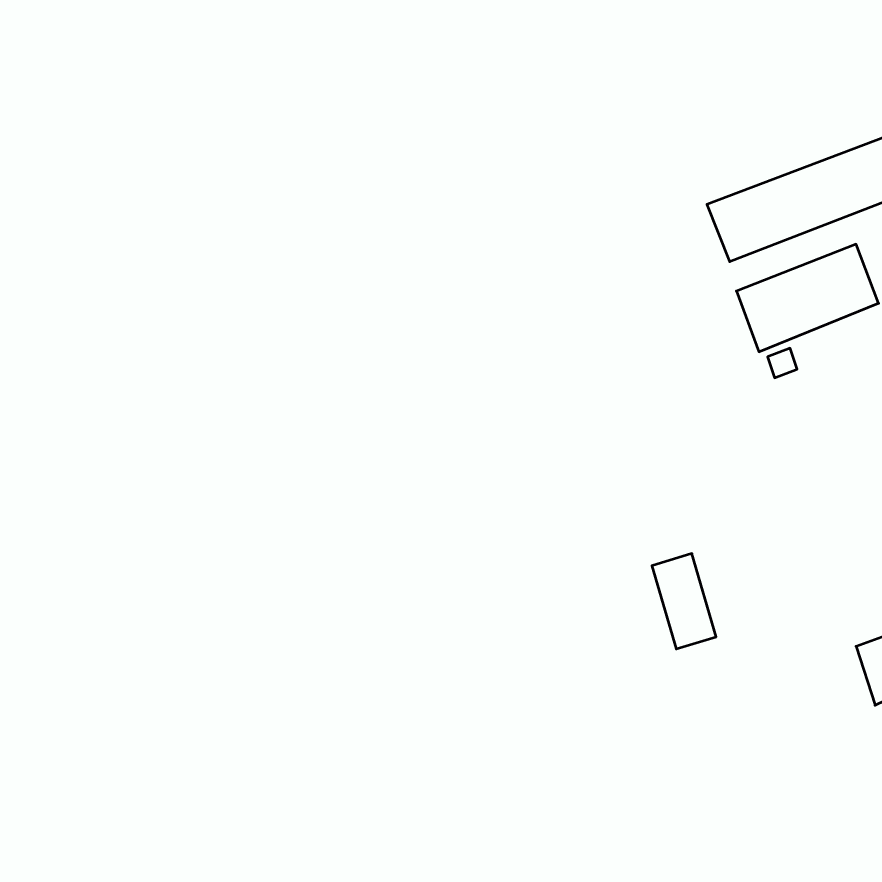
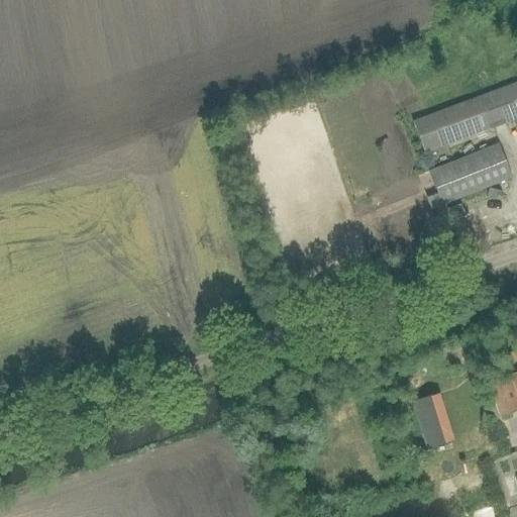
building: [652,554,716,649] -> [415,393,452,448]

